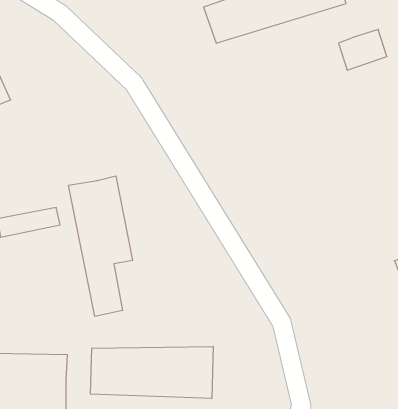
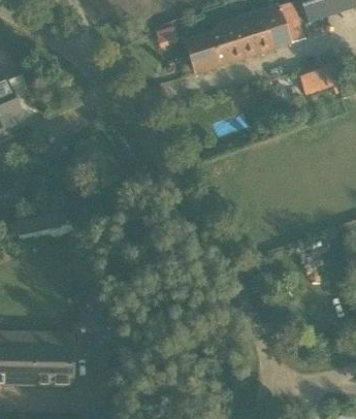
building: [69,176,132,316] -> none
building: [91,346,213,399] -> none

